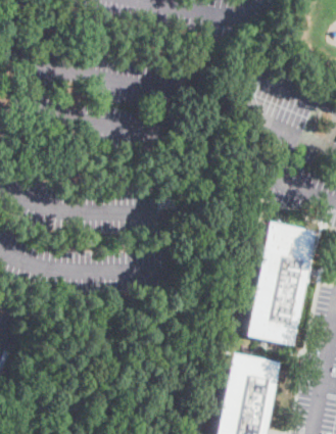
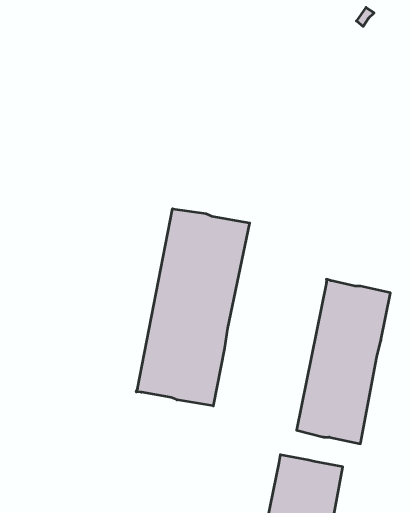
building: none -> [136,209,250,406]

